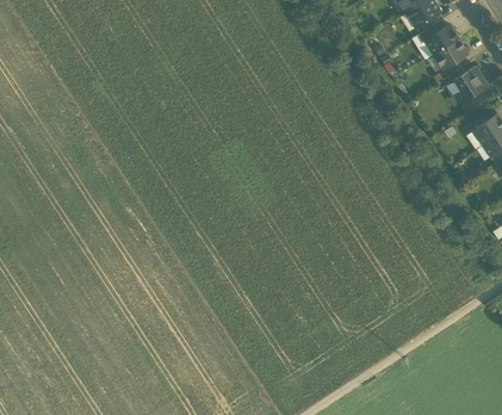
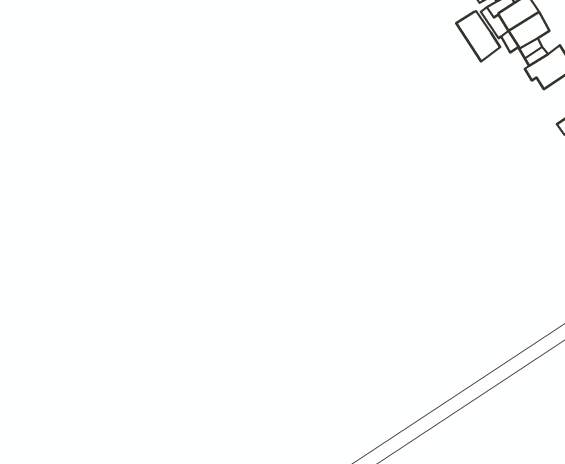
building: none -> [456,11,500,62]

